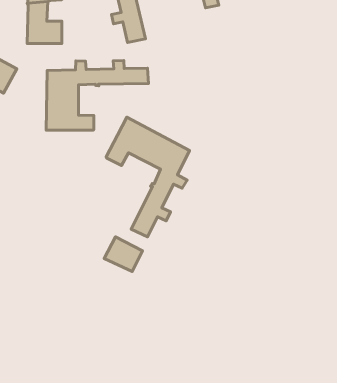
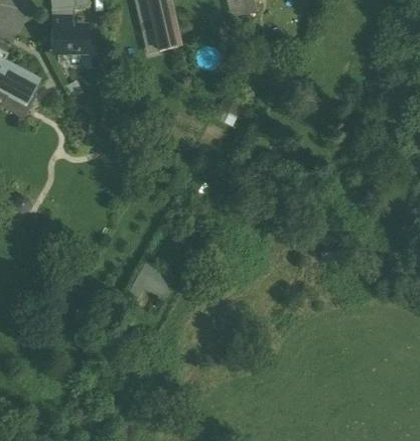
building: [46,61,148,130] -> none
building: [106,117,190,237] -> none

